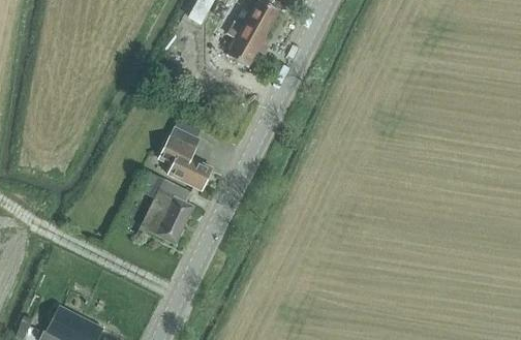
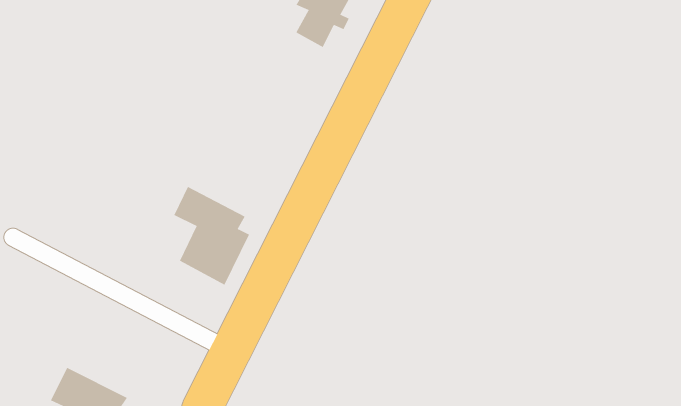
building: [158,127,212,191] -> none

